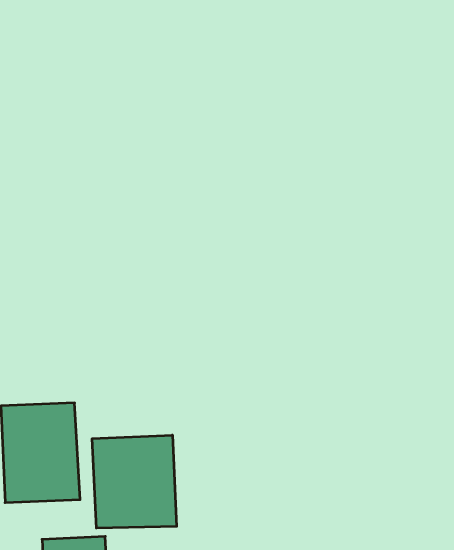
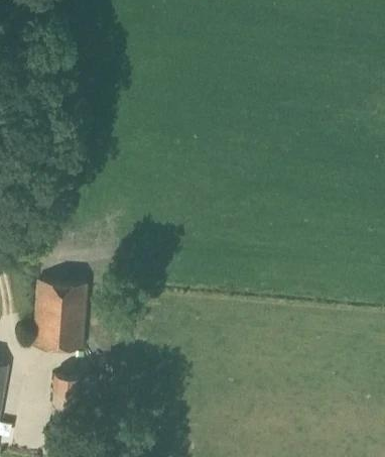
building: [92,435,177,528] -> none

